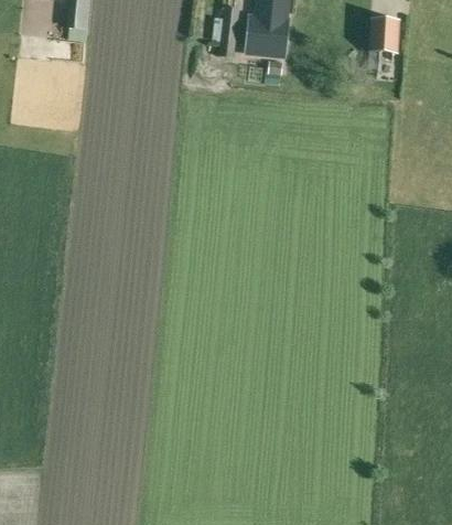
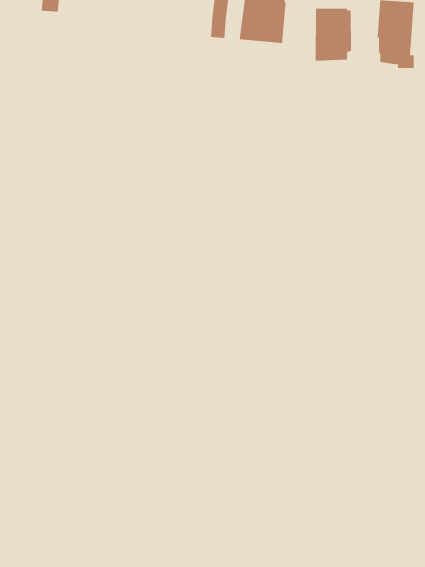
building: none -> [315,8,352,62]

